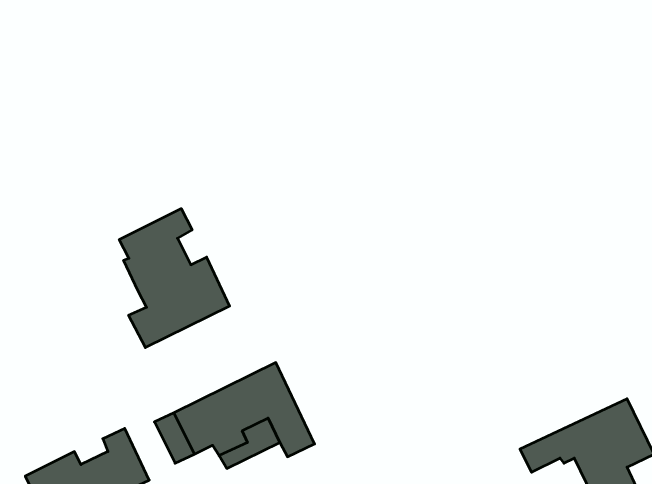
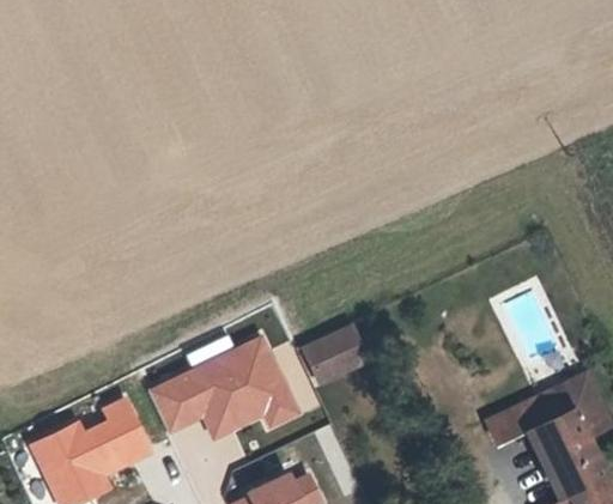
building: [119,209,230,348] -> none
building: none -> [306,327,366,379]

